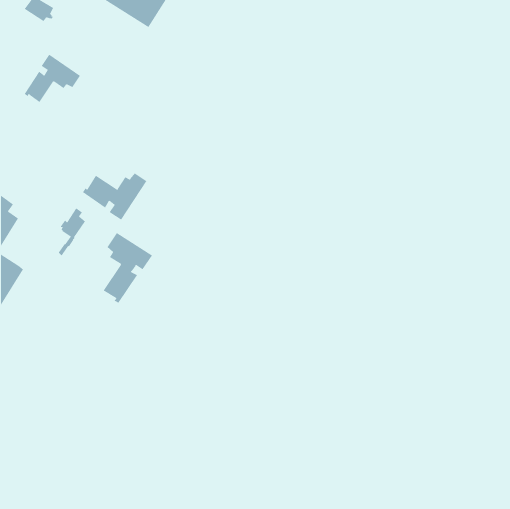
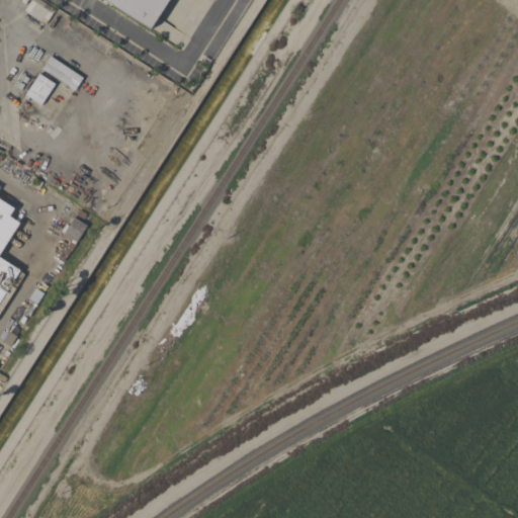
building: [82,173,147,221] -> none
building: [103,232,153,304] -> none

